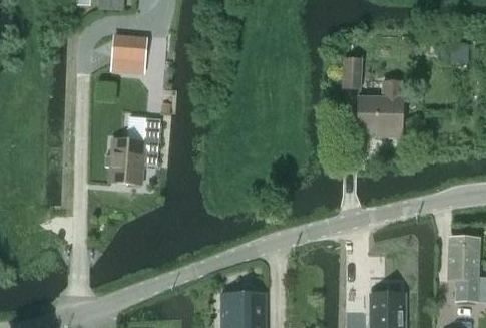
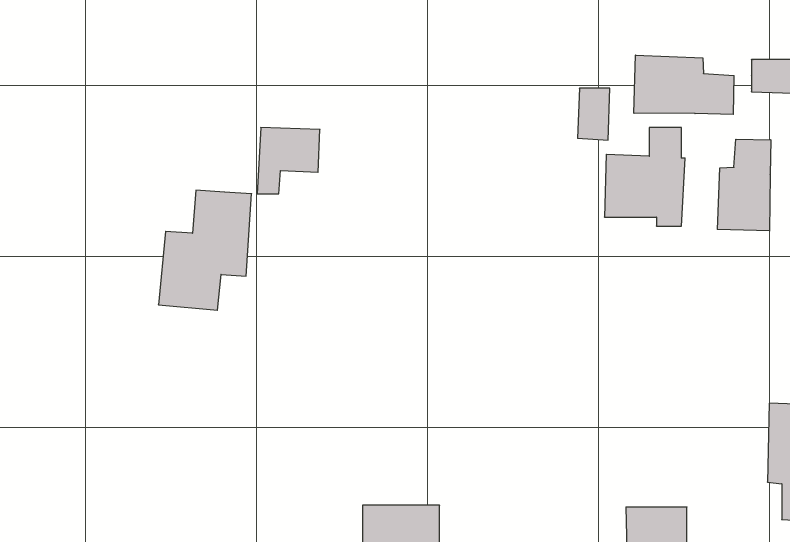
building: [110,36,145,73] -> [257,128,320,194]
building: none -> [634,55,734,114]
building: none -> [717,139,771,231]

